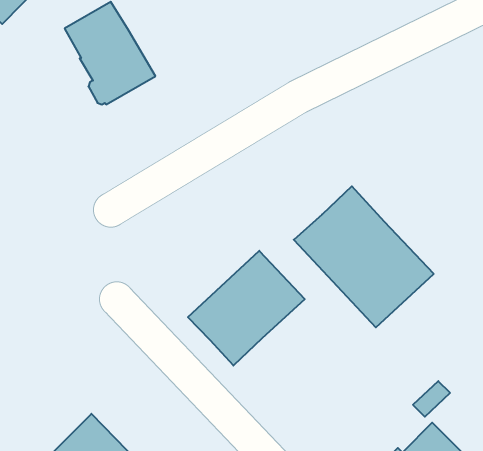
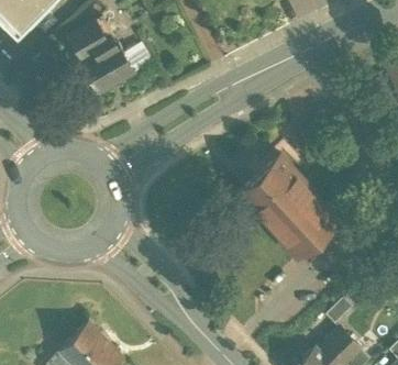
building: [188,251,305,366] -> none

